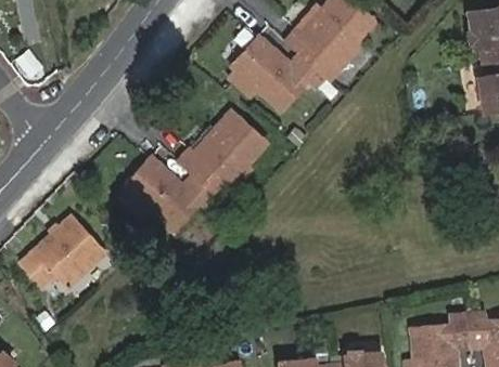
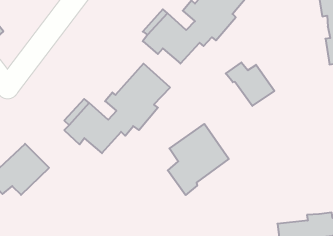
building: none -> [226,62,274,106]
building: none -> [168,124,229,195]

